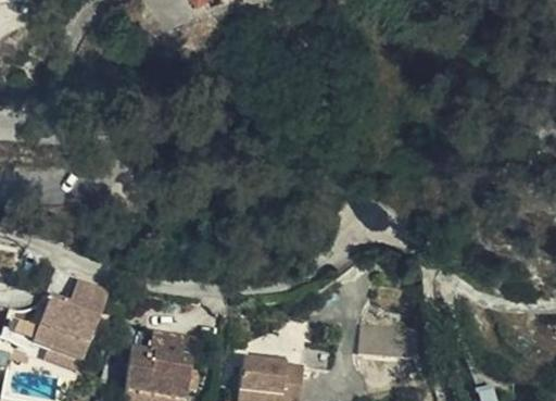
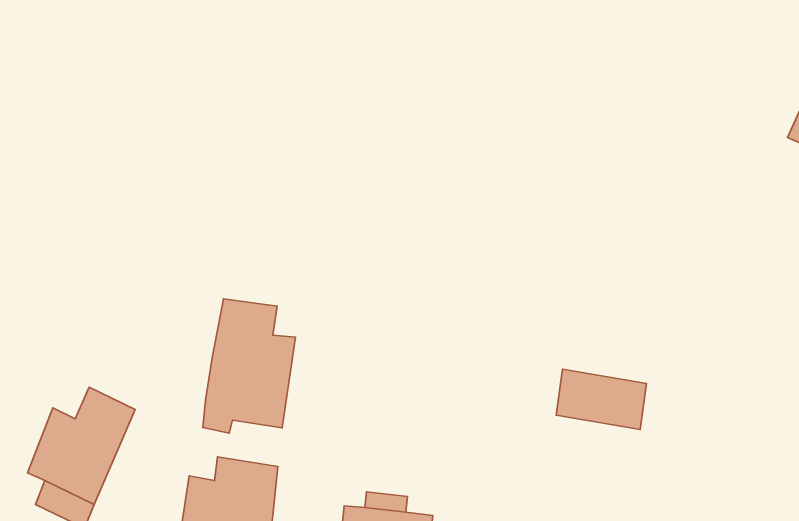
building: none -> [203,299,296,433]
building: [359,318,421,360] -> [556,369,647,429]

